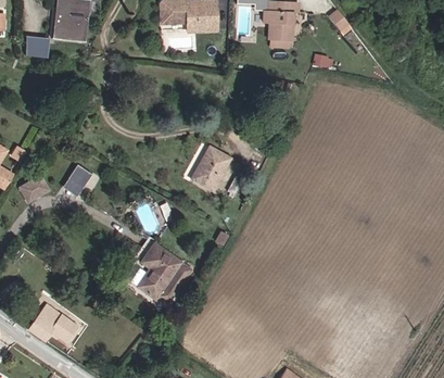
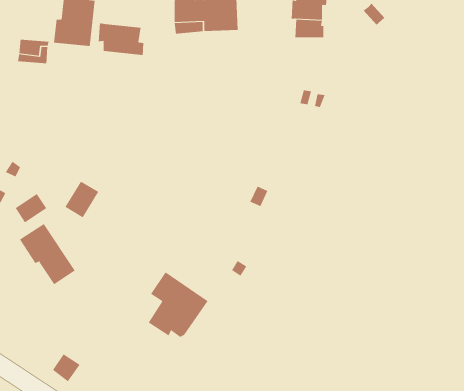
building: none -> [98,23,144,56]
building: [191,138,230,181] -> none
building: none -> [19,223,75,285]
building: [31,303,64,341] -> none

